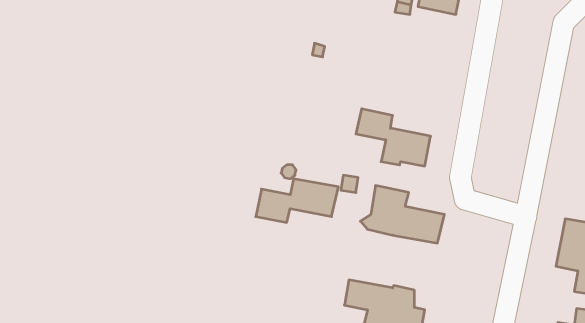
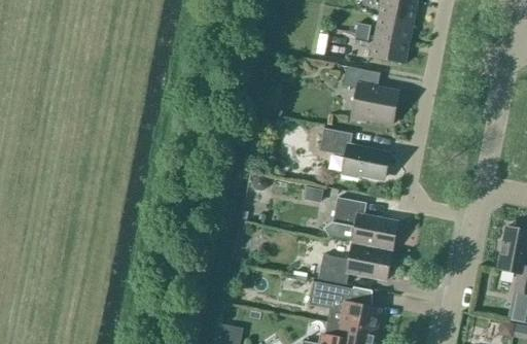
building: none -> [371,36,409,64]
building: none -> [343,66,399,124]
building: [256,179,338,222] -> [318,245,392,284]

